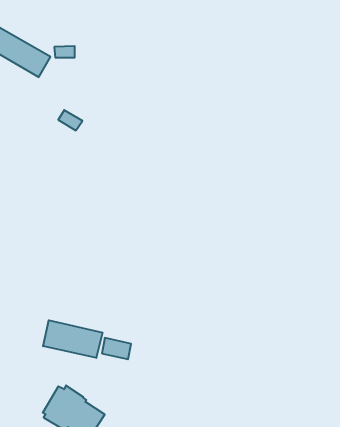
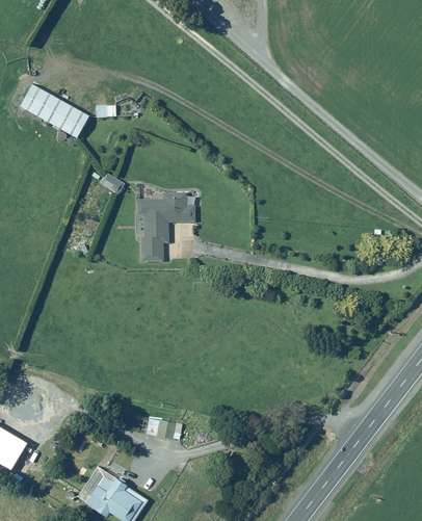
building: none -> [136,193,194,261]
building: [43,320,103,358] -> none

